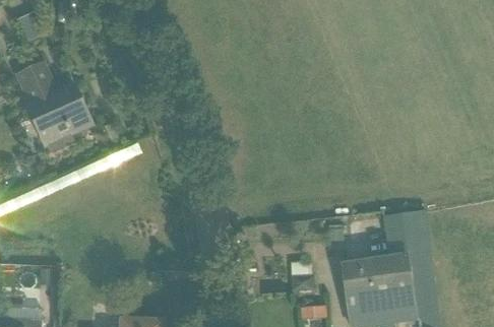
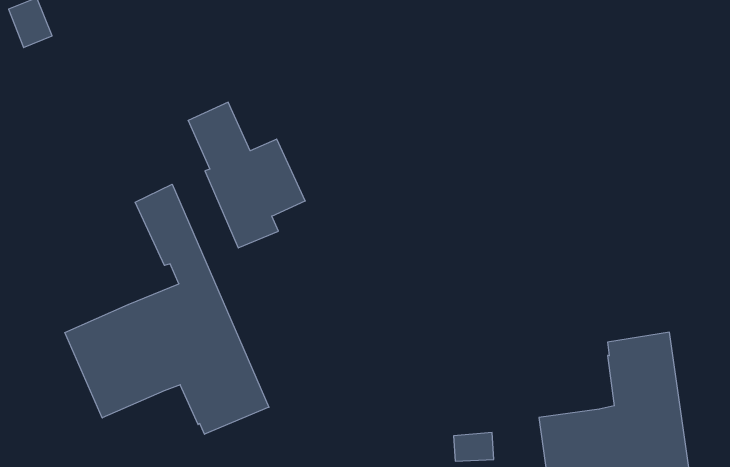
building: [18,64,89,152] -> [188,102,305,248]
building: none -> [65,184,269,434]

